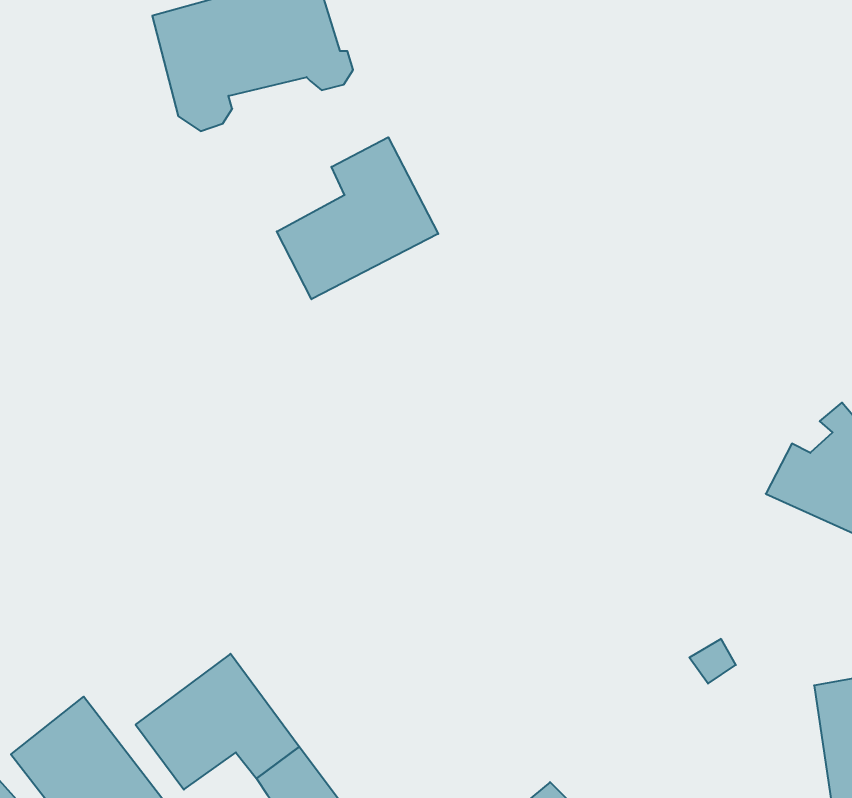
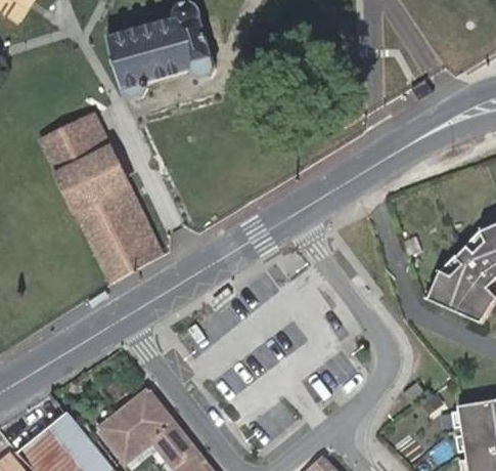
building: [277,137,438,299] -> none
building: none -> [39,114,161,280]

